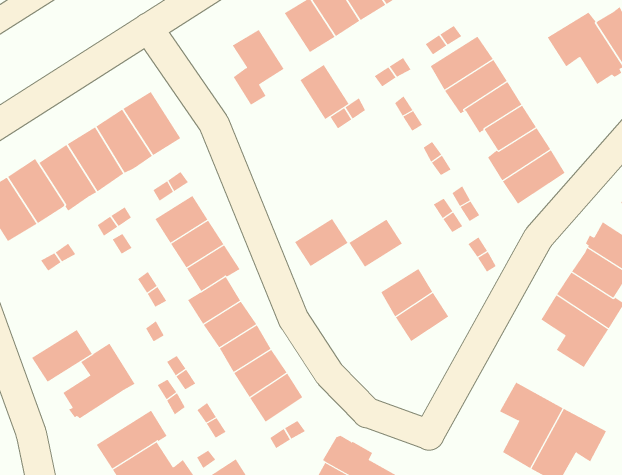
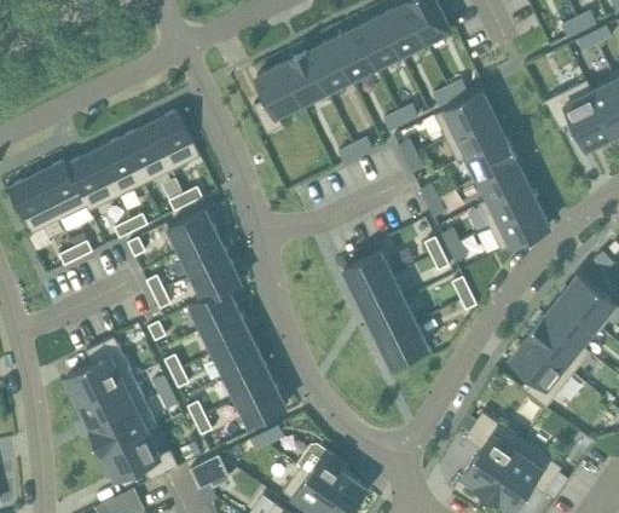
building: [299,64,349,120] -> [282,53,325,104]
building: [294,218,349,267] -> [354,276,404,318]
building: [31,329,93,383] -> [79,384,135,430]

